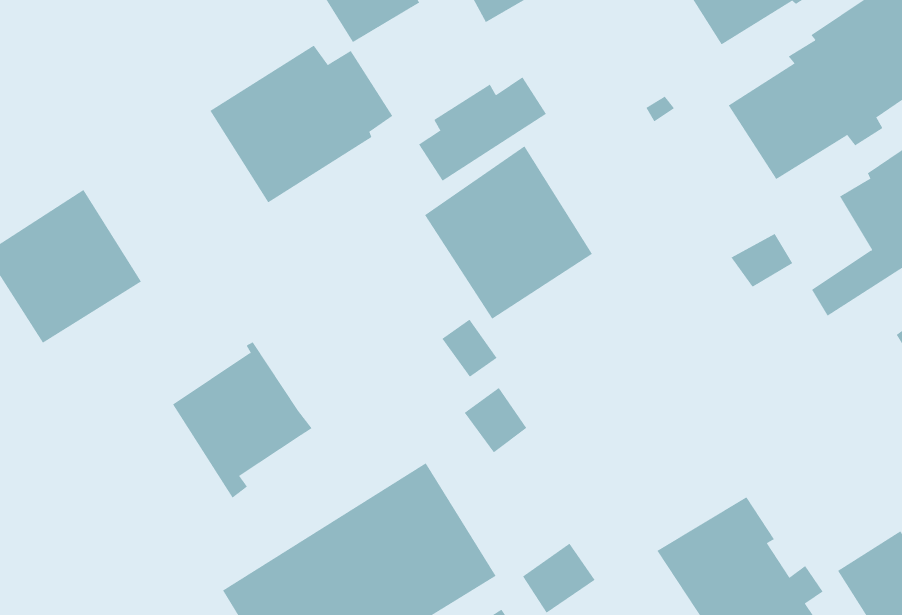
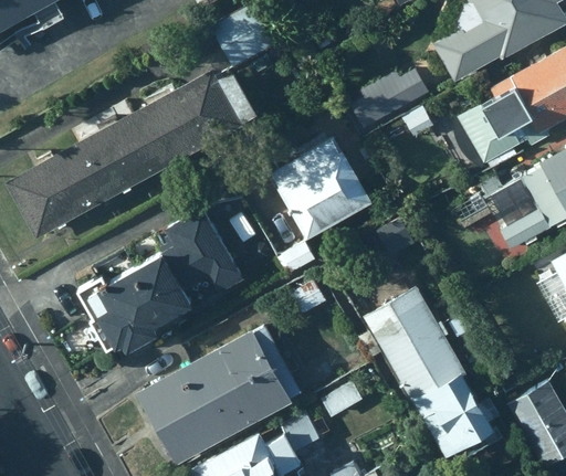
building: [418,76,547,182] -> [350,68,429,129]
building: none -> [65,105,176,205]
building: none -> [163,208,242,294]
building: none -> [359,288,455,384]
building: none -> [75,277,145,352]

